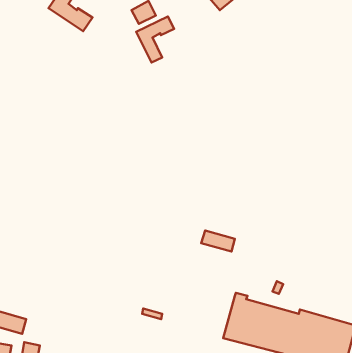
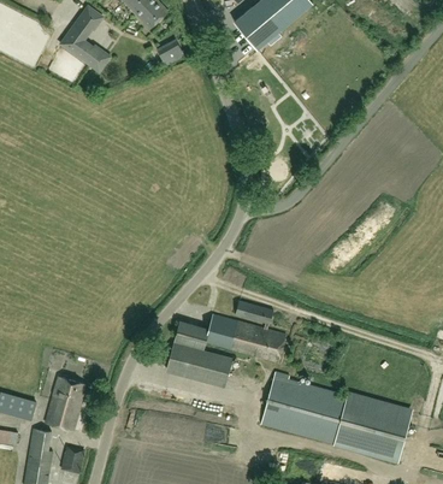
building: [136,16,174,62] -> none
building: none -> [166,318,284,384]
building: none -> [45,377,95,431]

